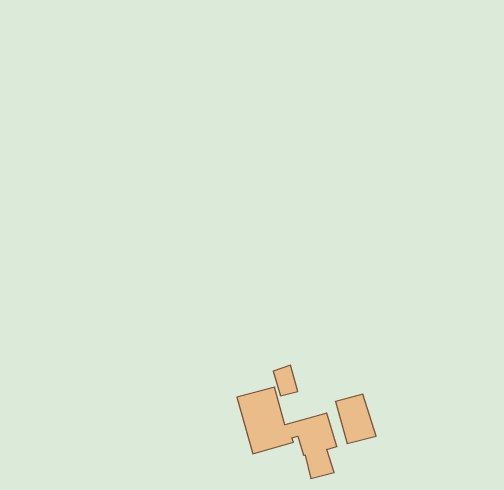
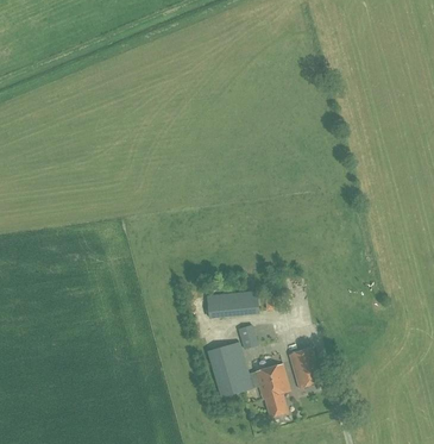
building: none -> [207,290,260,318]

